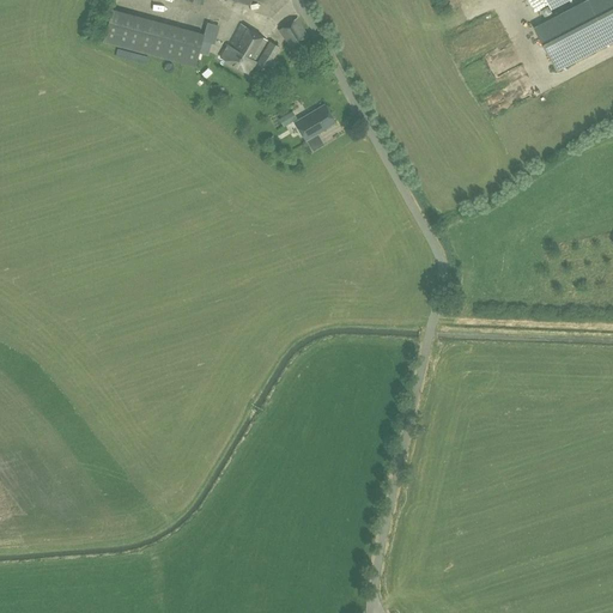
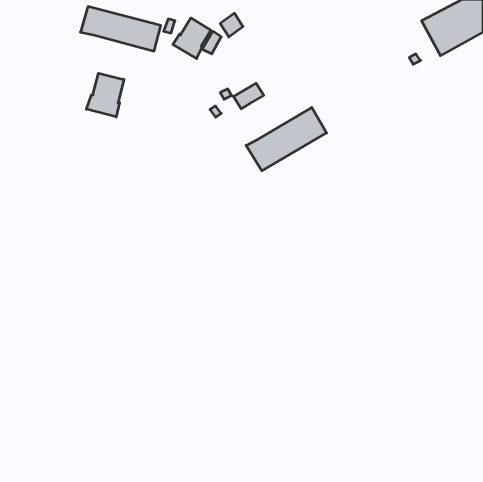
building: none -> [86,73,124,117]
building: none -> [246,107,327,171]

